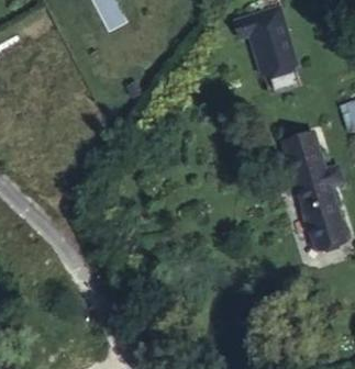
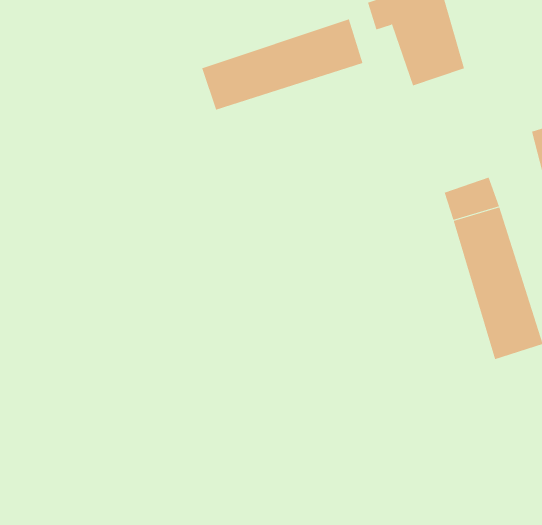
building: none -> [201,18,363,110]

